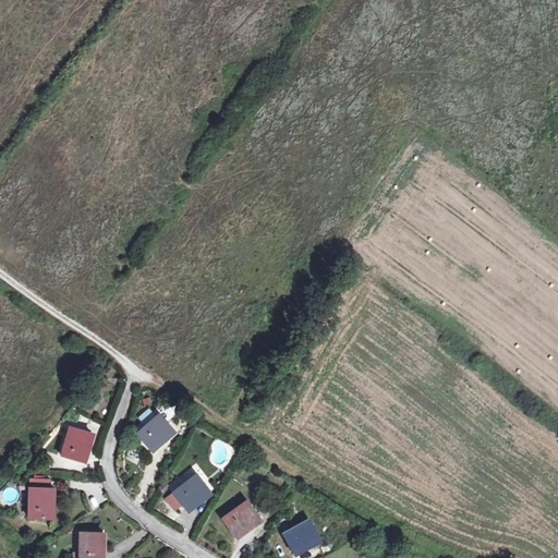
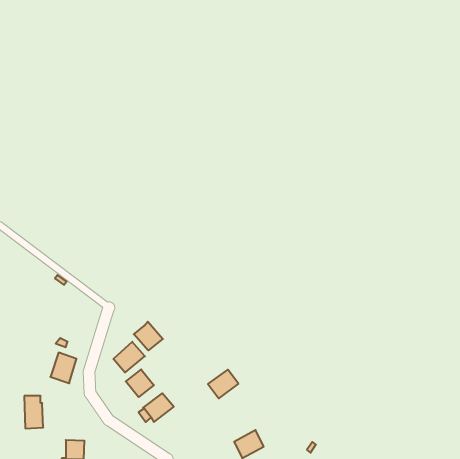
building: none -> [134,322,163,350]
building: none -> [126,369,154,397]
building: [222,502,259,537] -> [208,370,238,398]

